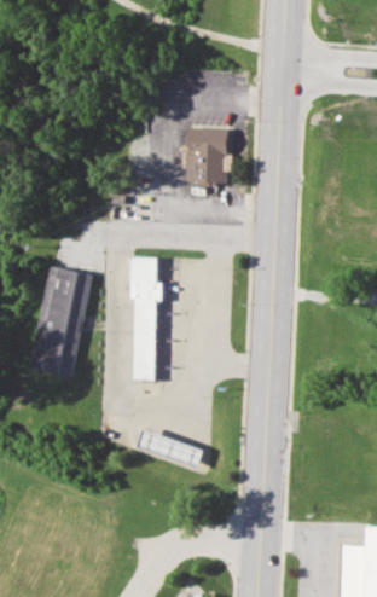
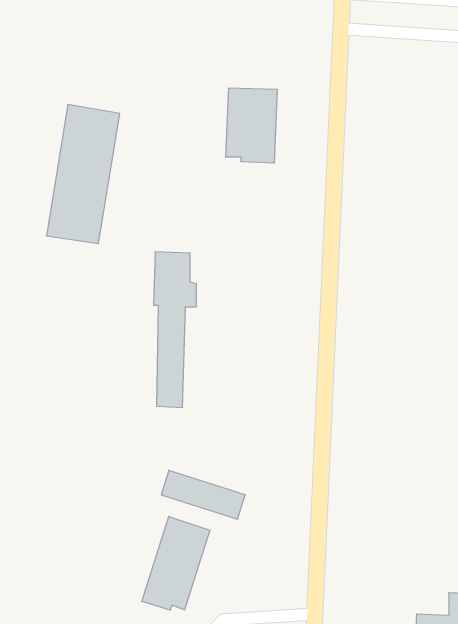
building: [33,266,91,376] -> [46,104,120,244]
building: none -> [142,516,210,610]

